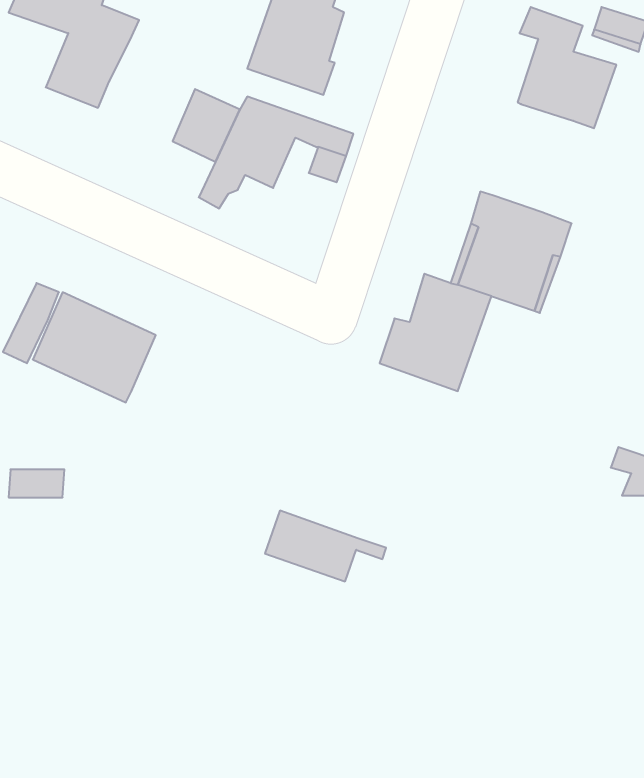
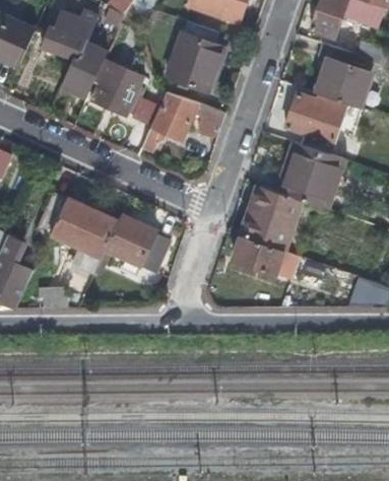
building: none -> [92,60,144,115]
building: none -> [286,93,346,153]
building: none -> [106,215,170,268]
building: [265,511,386,581] -> [233,235,299,274]

